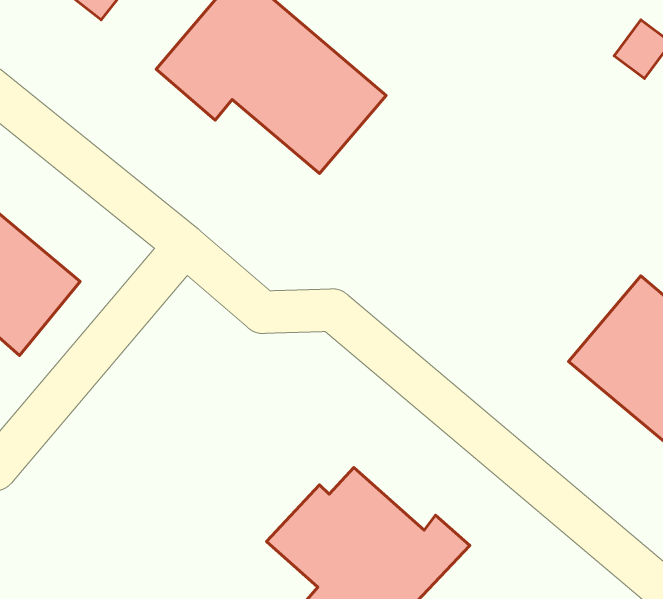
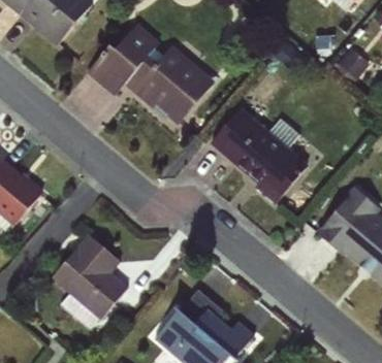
building: none -> [209,102,311,200]
building: none -> [52,233,130,333]

